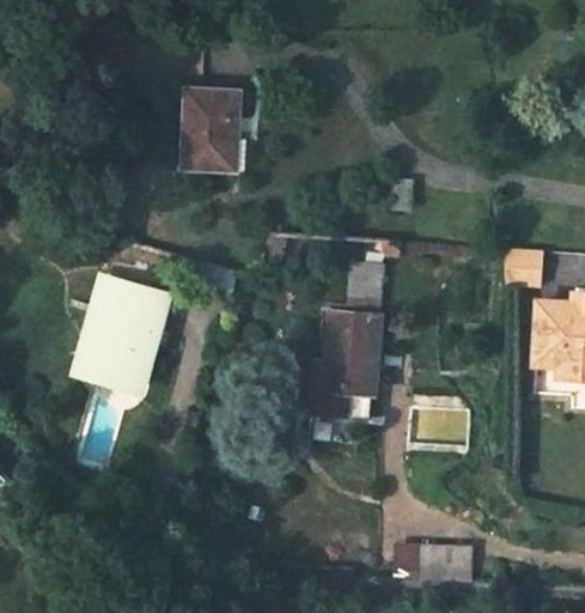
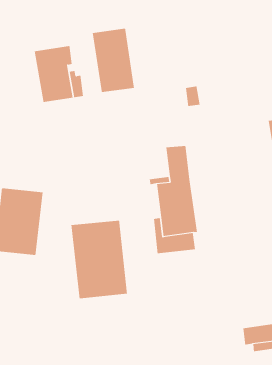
building: none -> [92,28,135,93]
building: none -> [71,220,128,299]

